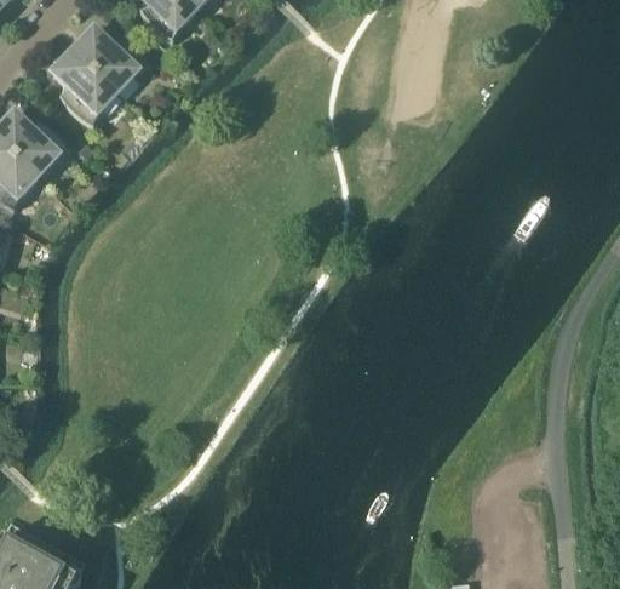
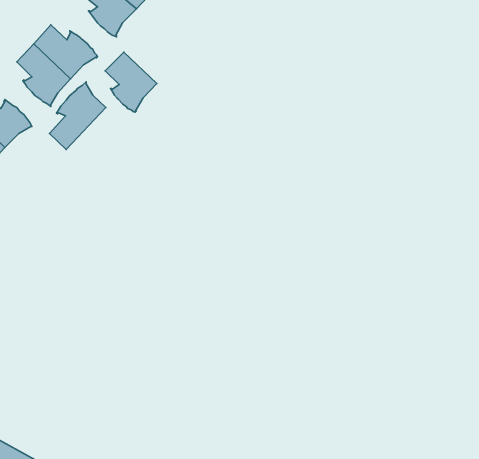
building: none -> [105,52,157,112]
building: none -> [49,82,106,149]

